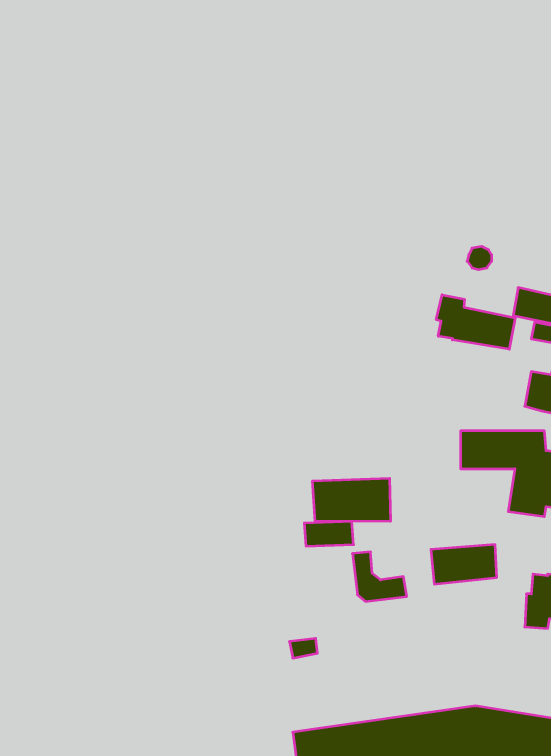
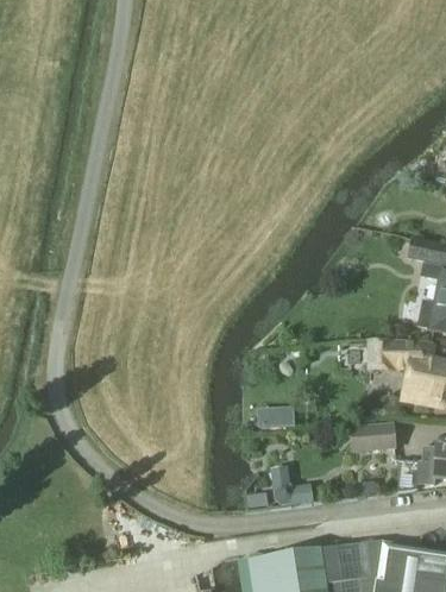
building: [436,295,515,349] -> none
building: [313,478,390,522] -> none
building: [352,552,407,601] -> [272,467,312,503]

